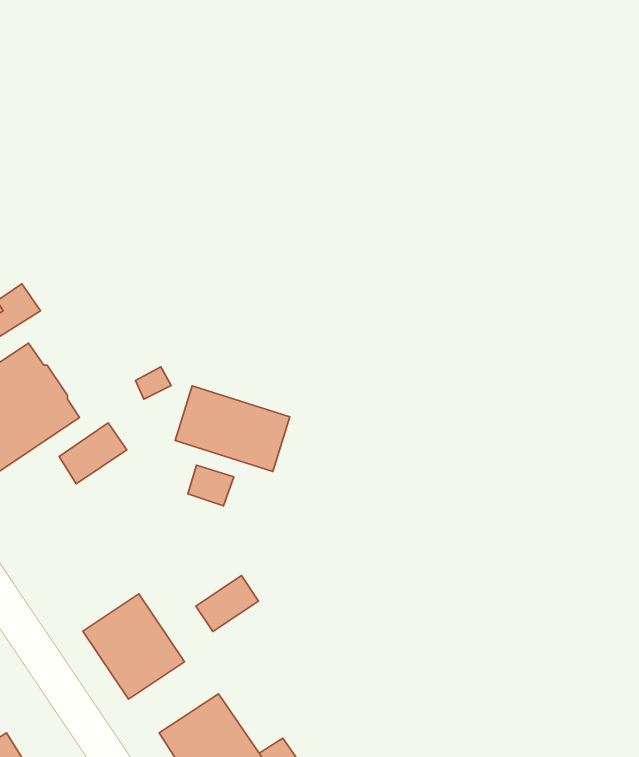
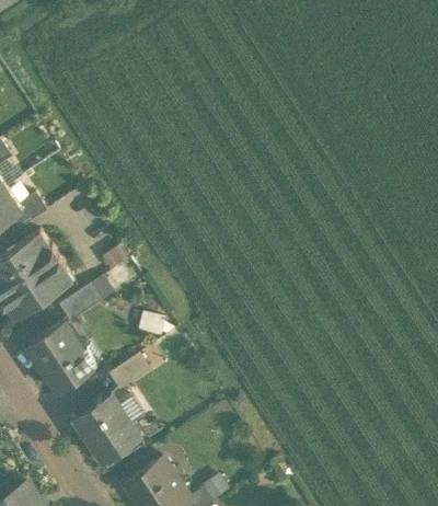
building: [175,386,290,471] -> none
building: none -> [25,322,93,392]
building: [196,576,259,632] -> [107,355,148,391]

